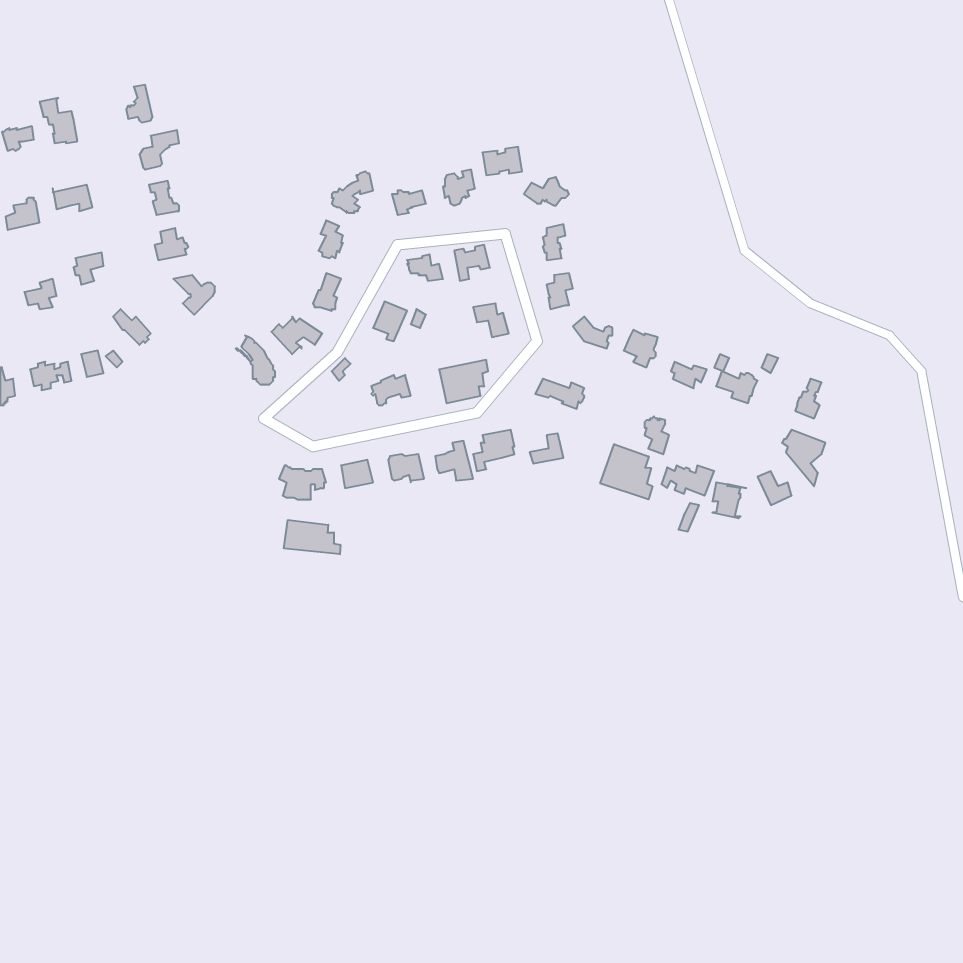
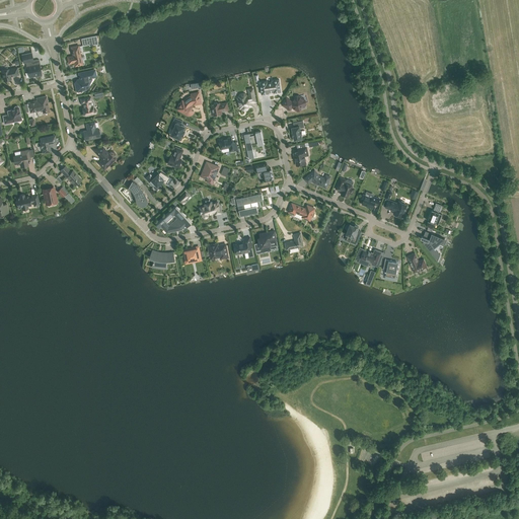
building: none -> [156,207,192,232]
building: [600,444,652,499] -> none
building: [284,520,340,554] -> none

